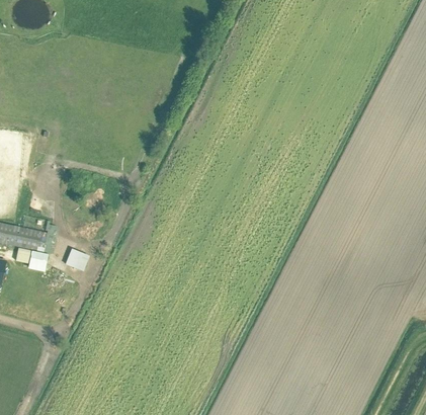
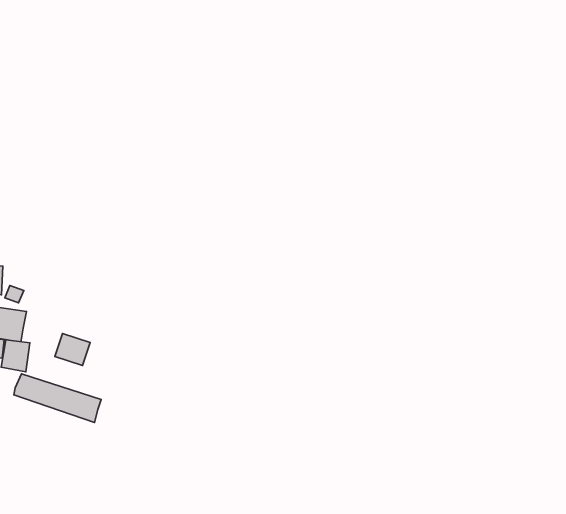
building: none -> [14,374,101,422]

